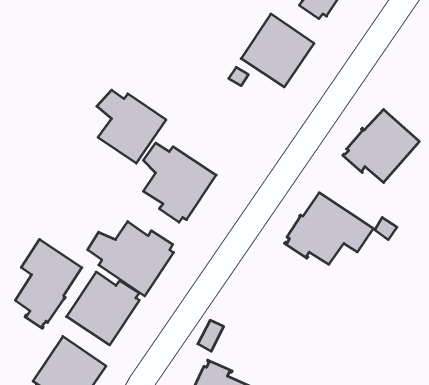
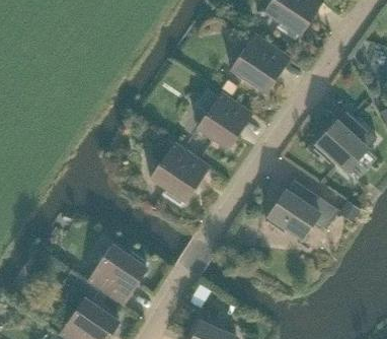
building: [97,90,166,163] -> [196,89,252,149]
building: [88,221,174,296] -> none
building: [15,239,82,328] -> none

